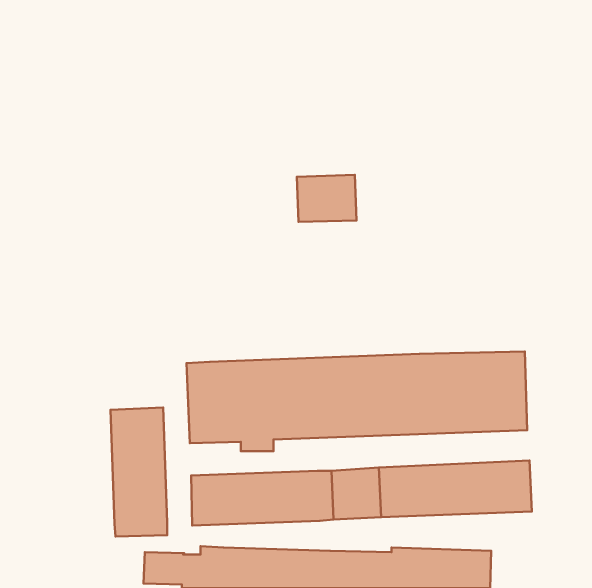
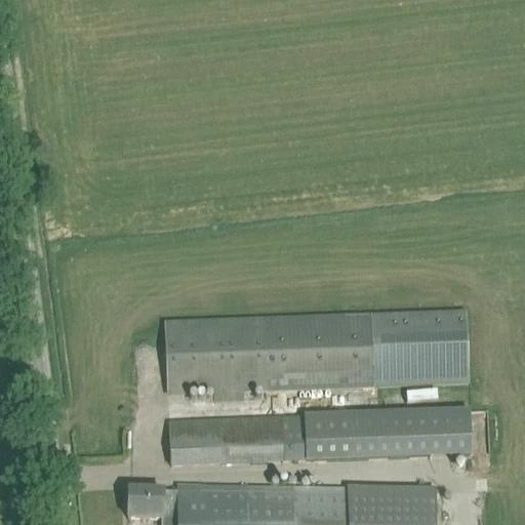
building: [297,175,357,222] -> none
building: [110,407,167,536] -> none

